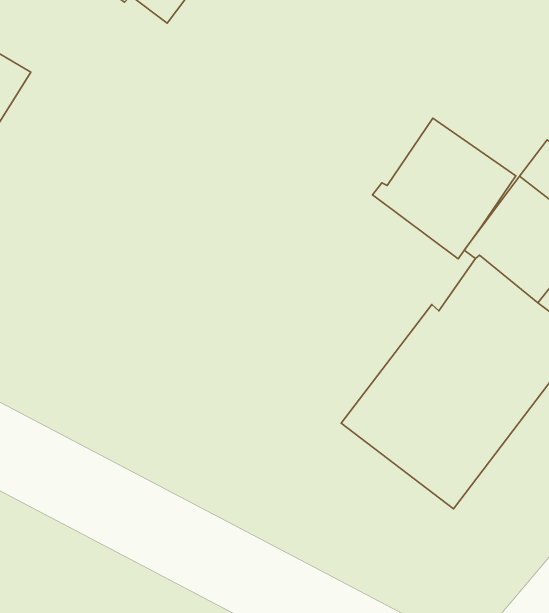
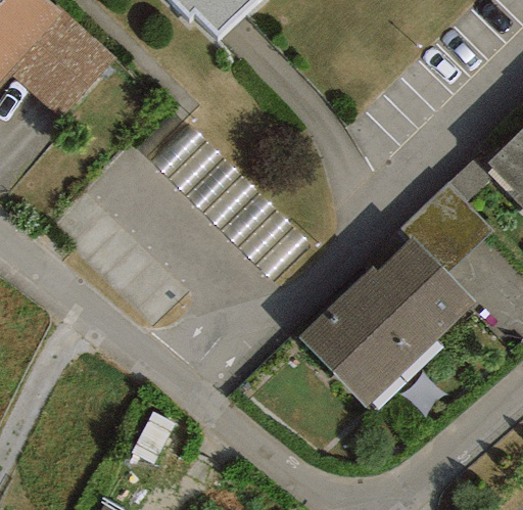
building: [373,118,516,259] -> none

